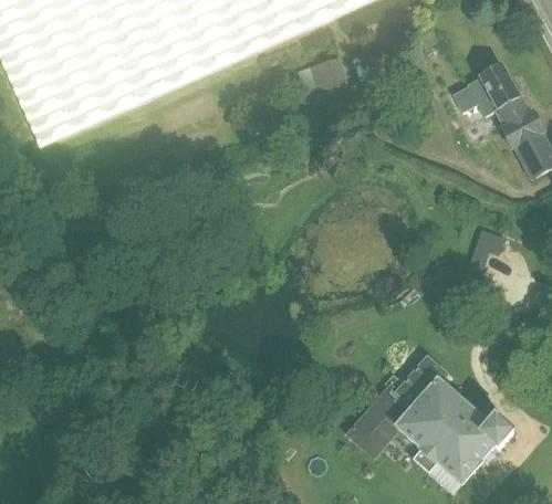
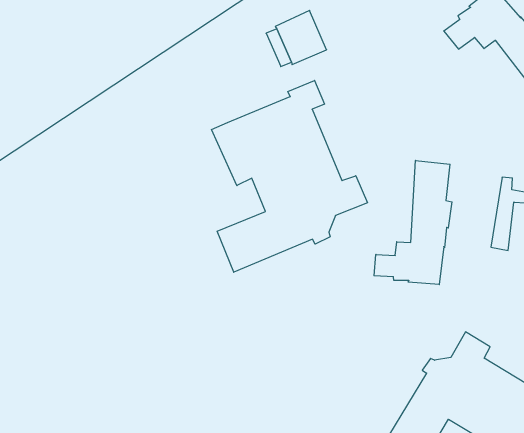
building: none -> [211,80,367,272]
building: none -> [374,160,452,285]

